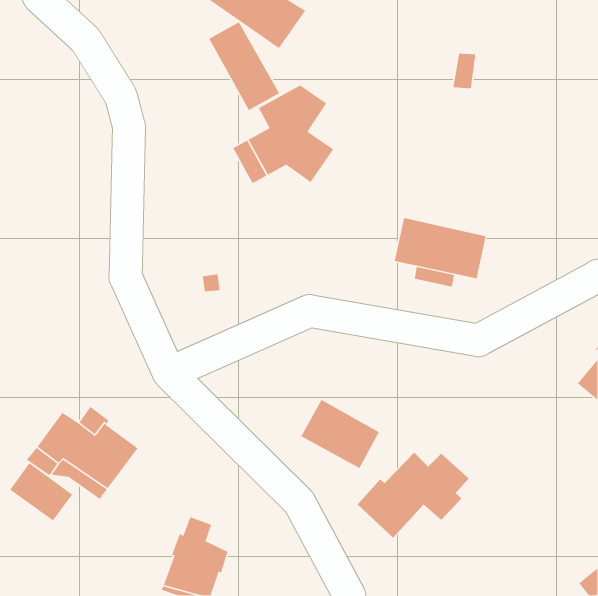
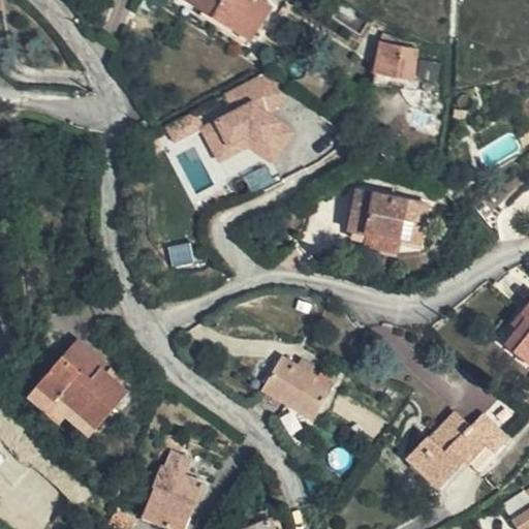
building: [208,21,280,111] -> none
building: none -> [374,36,405,88]
building: [357,452,469,538] -> [407,405,506,481]
building: [9,462,73,521] -> none

